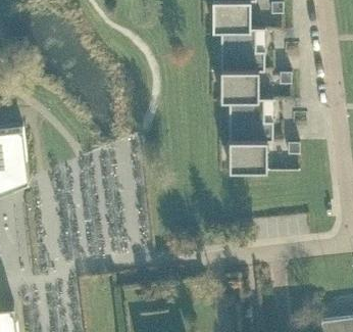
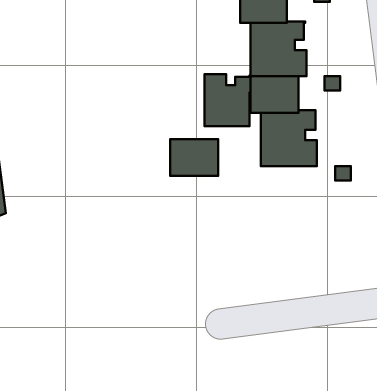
building: none -> [204,74,250,126]
building: [229,143,266,172] -> [170,139,218,176]

